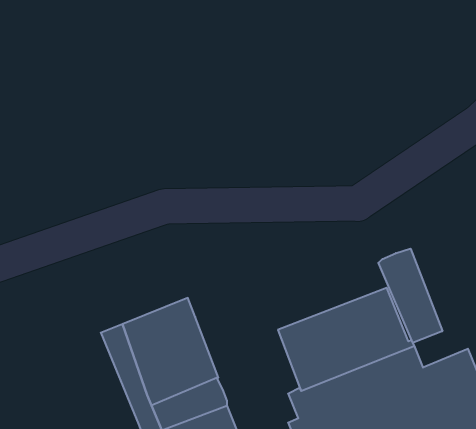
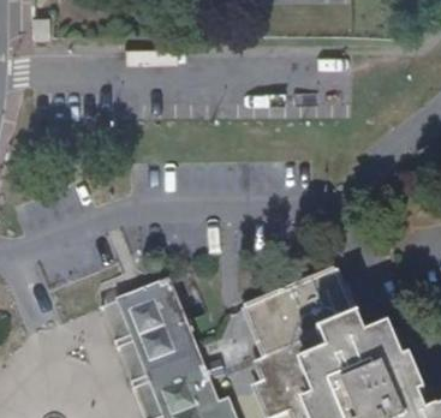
building: [378,249,442,343] -> none

